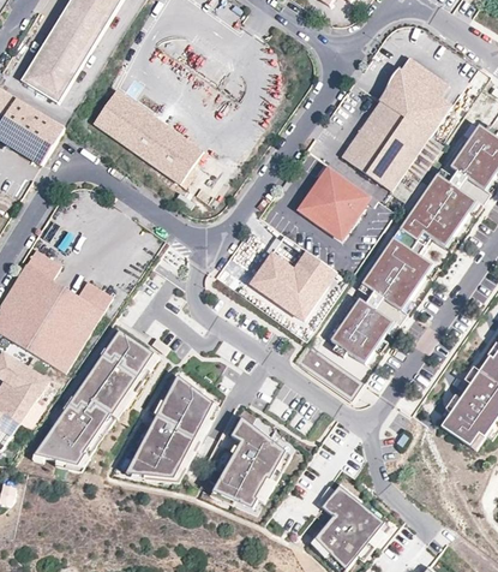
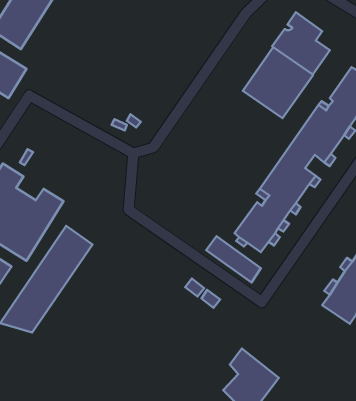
building: [94,89,204,184] -> none
building: [298,166,371,239] -> none
building: [252,237,338,322] -> none
building: [125,373,211,477] -> none
building: [215,416,288,510] -> none

